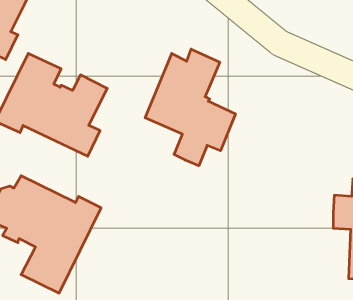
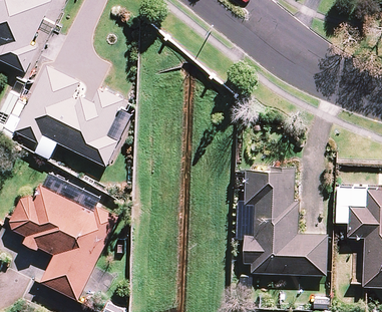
building: [145,49,235,166] -> none
building: none -> [243,171,328,276]

